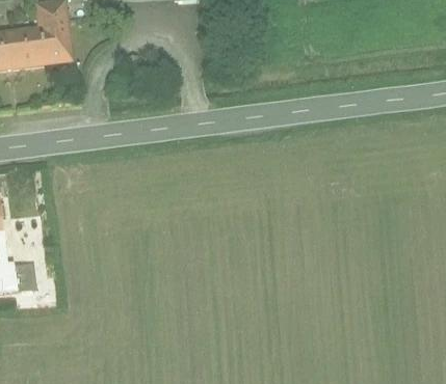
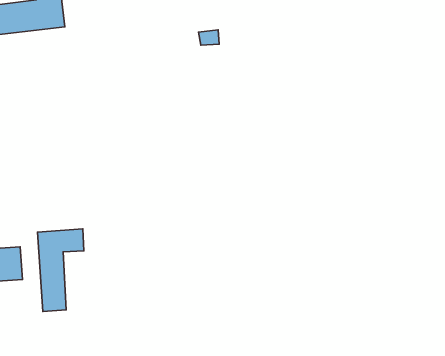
building: none -> [38,229,84,312]

